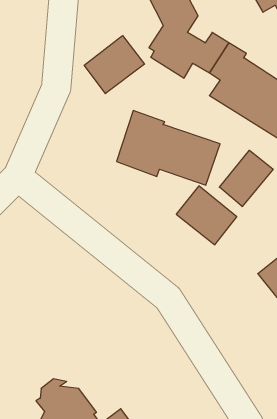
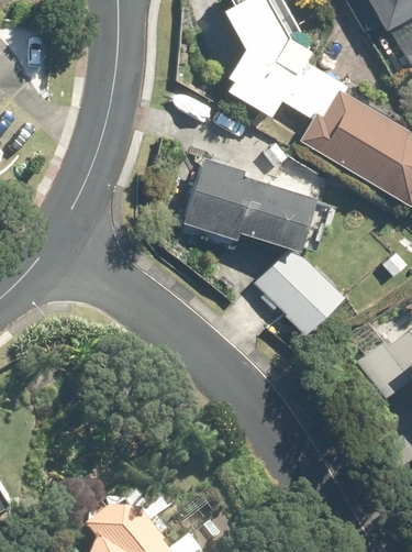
building: [84,36,145,94] -> none
building: [219,150,273,207] -> none

